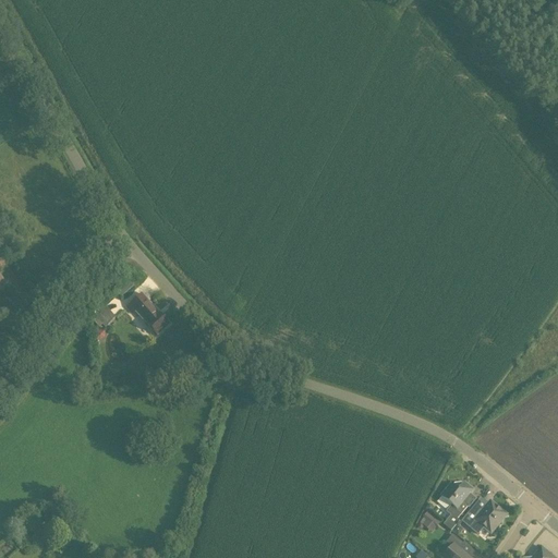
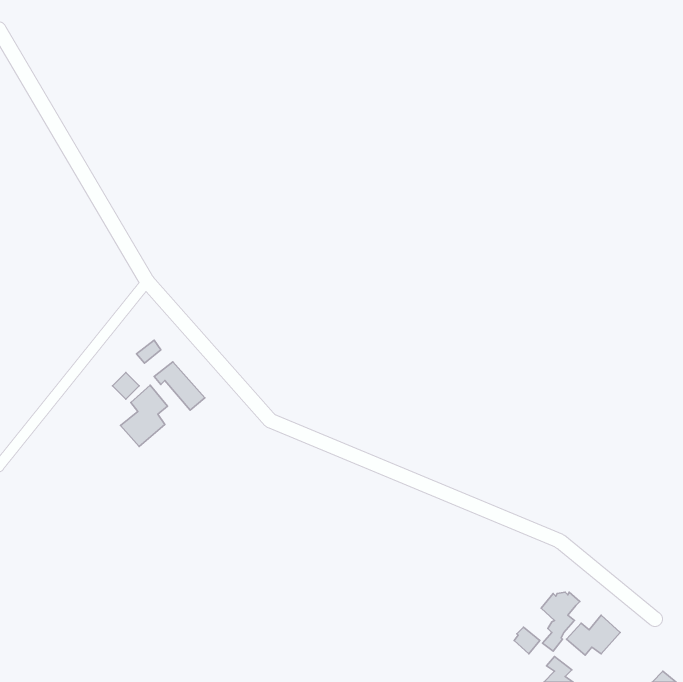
building: none -> [120,385,167,446]

